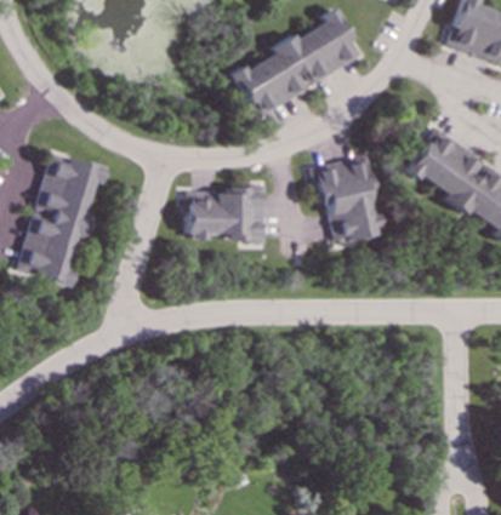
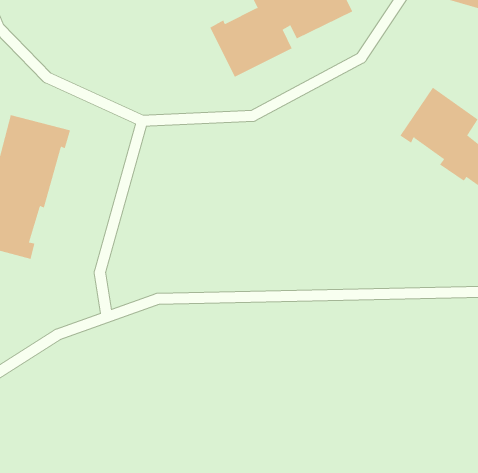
building: [313,155,381,244] -> none
building: [184,179,267,241] -> none

